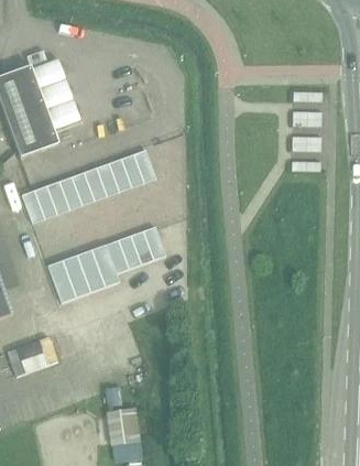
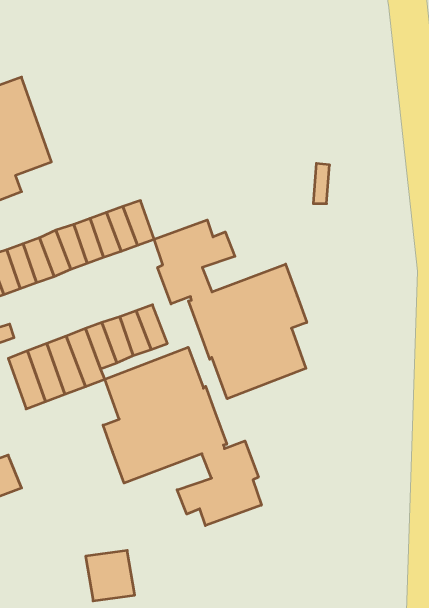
building: none -> [154,220,307,399]
building: none -> [103,347,261,526]

